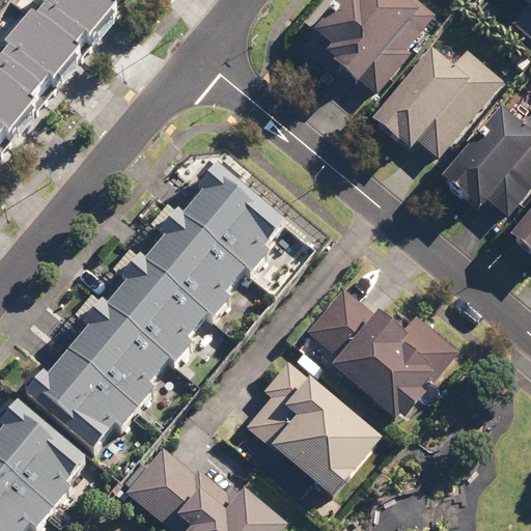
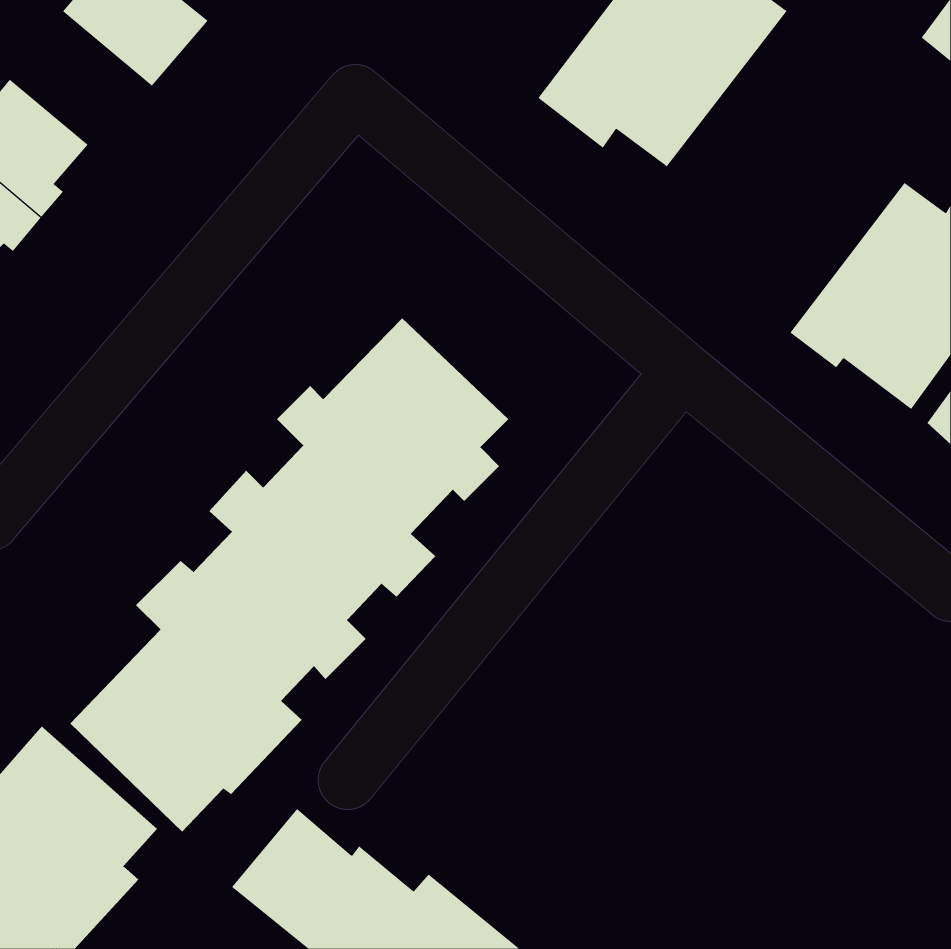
building: [4,6,84,84] -> none
building: [375,45,501,156] -> none
building: [305,284,454,419] -> none
building: [247,360,383,520] -> none

